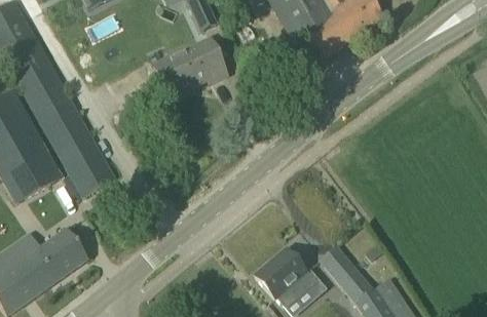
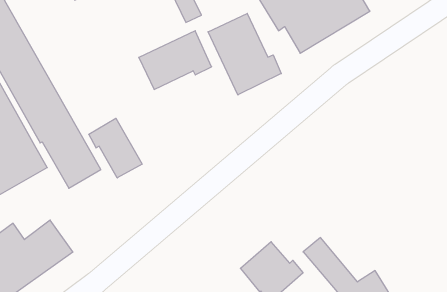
building: none -> [208,13,281,95]
building: none -> [89,118,142,178]

